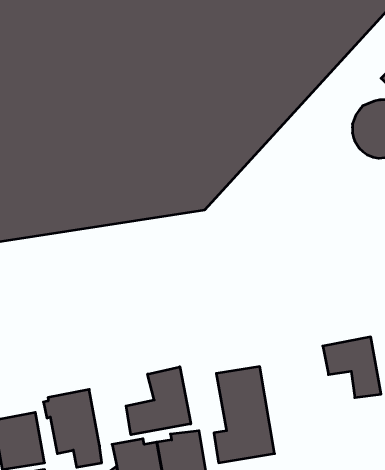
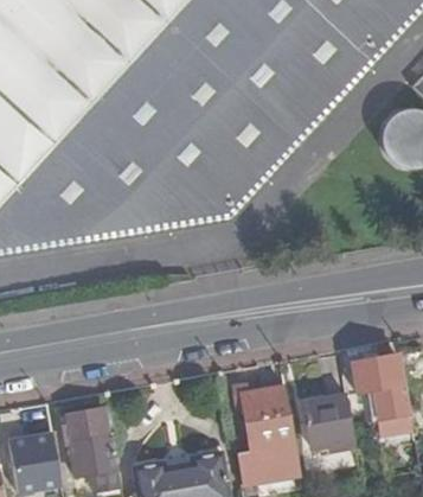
building: [126,367,191,435] -> none
building: none -> [301,391,353,447]

